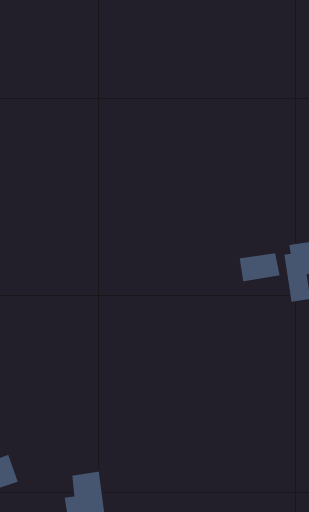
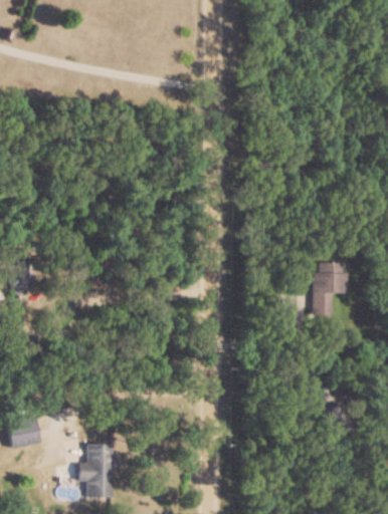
building: [239,253,281,282] -> none

